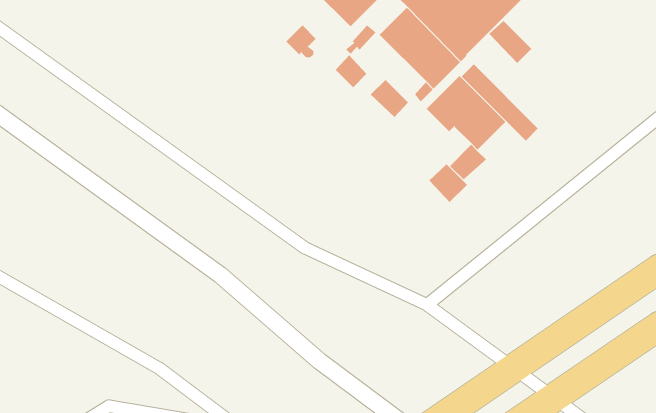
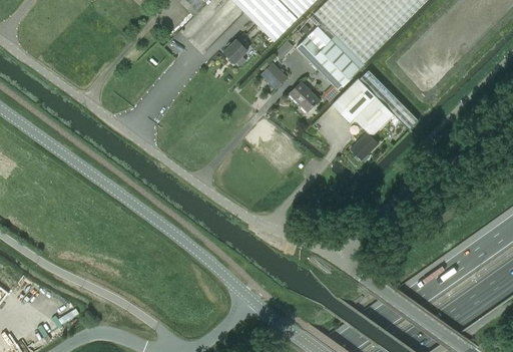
building: [488,20,532,64] -> none
building: [429,164,468,203] -> none

